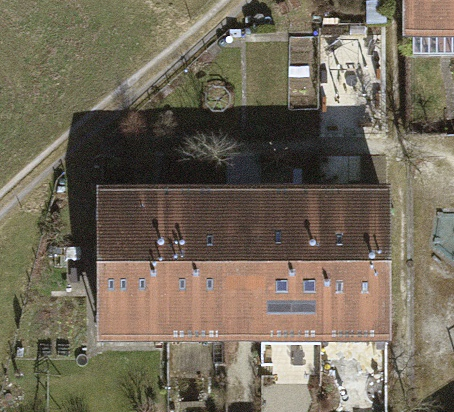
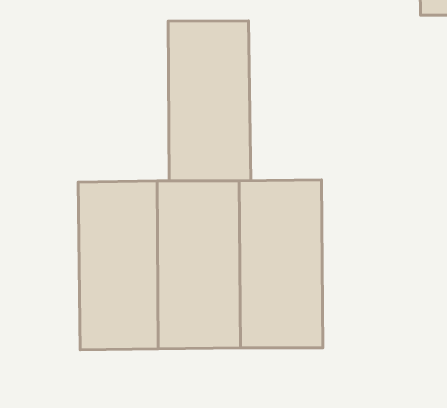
building: none -> [168,21,251,181]
building: [315,187,390,339] -> none

